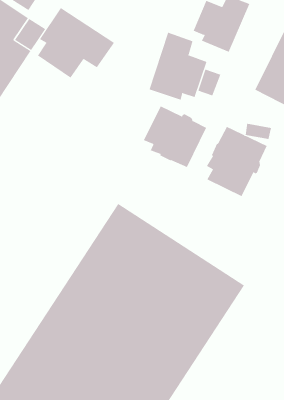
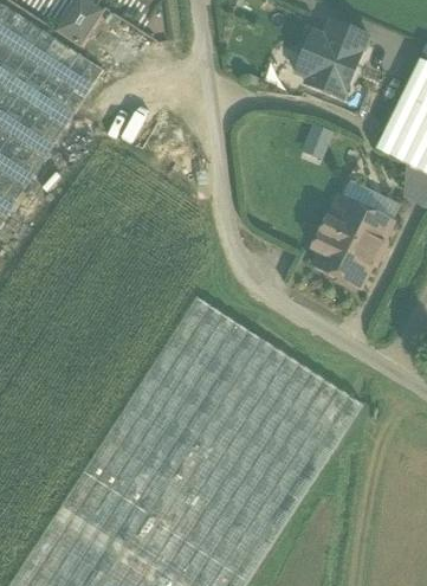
building: [37,7,115,78] -> none
building: [149,32,207,100] -> none
building: [143,106,207,168] -> none

